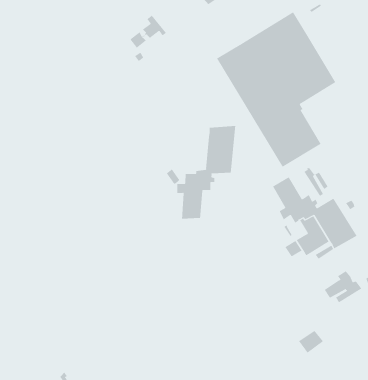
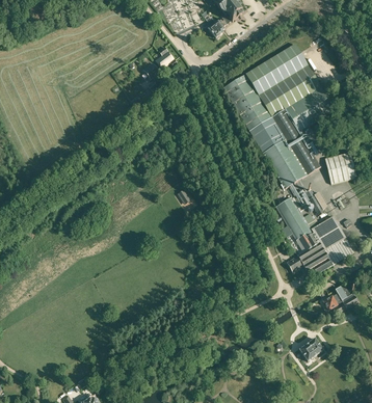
building: [177,125,236,220] -> none
building: none -> [324,153,354,184]

